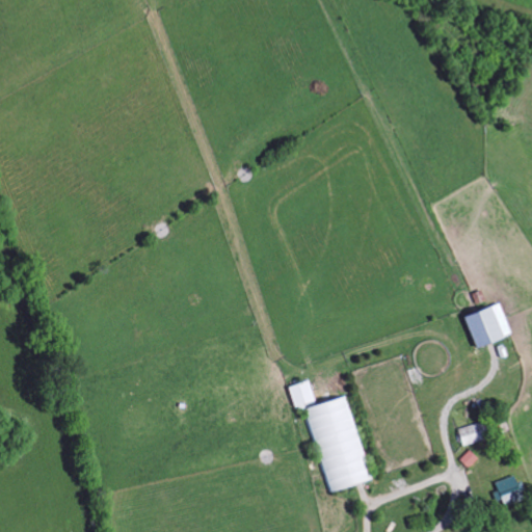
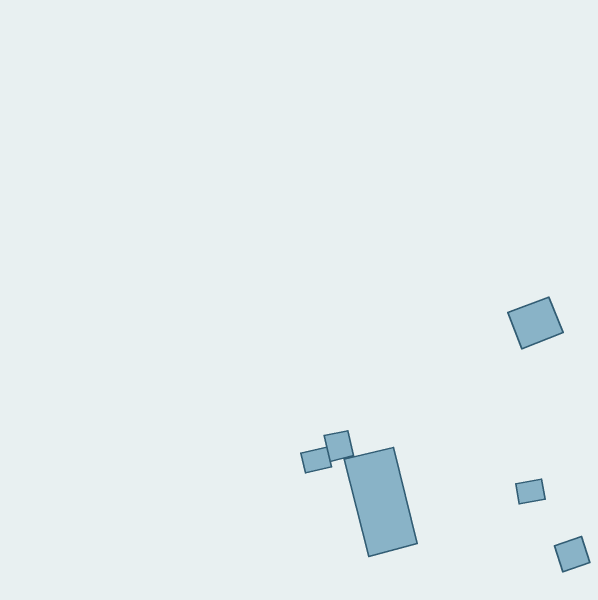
building: [462,302,511,348] -> [508,297,563,349]
building: none -> [301,447,331,473]

